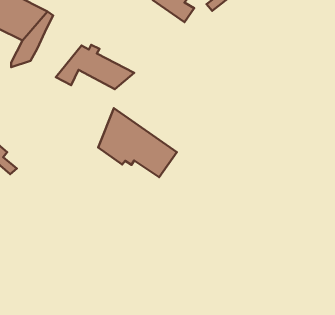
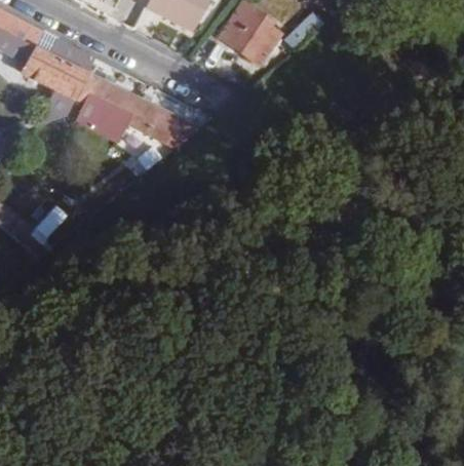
building: none -> [72,72,128,134]
building: [98,108,177,177] -> none

